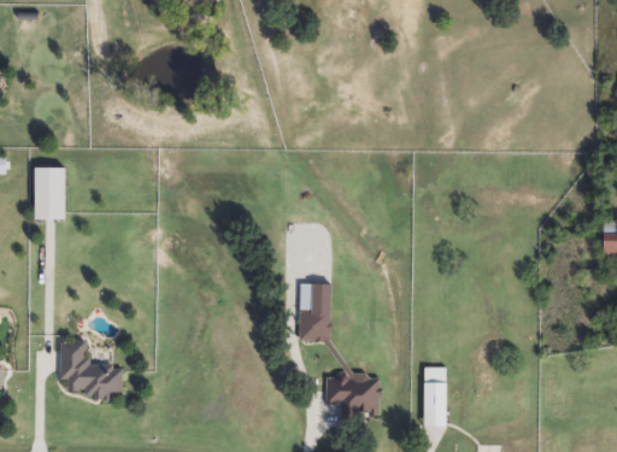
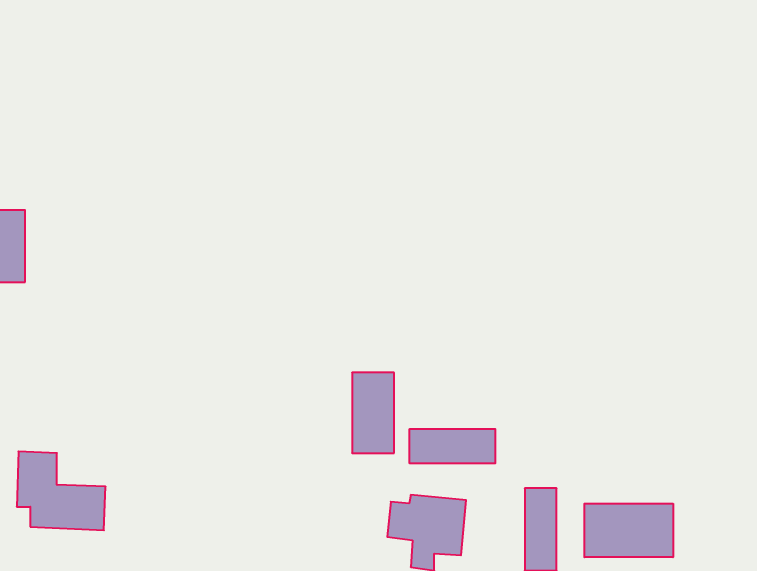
building: none -> [410,429,495,463]
building: none -> [584,504,673,557]

